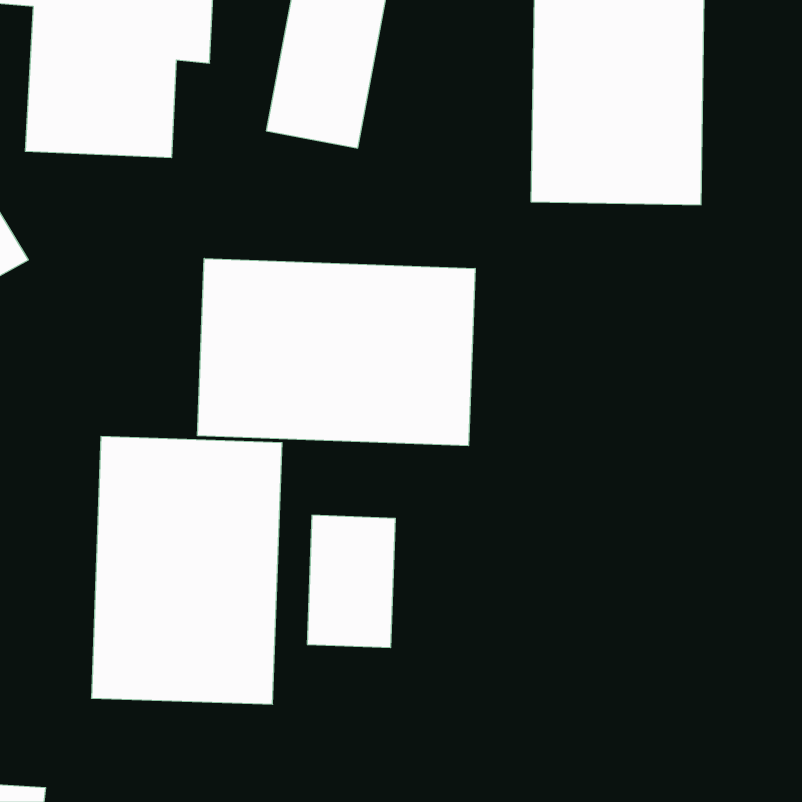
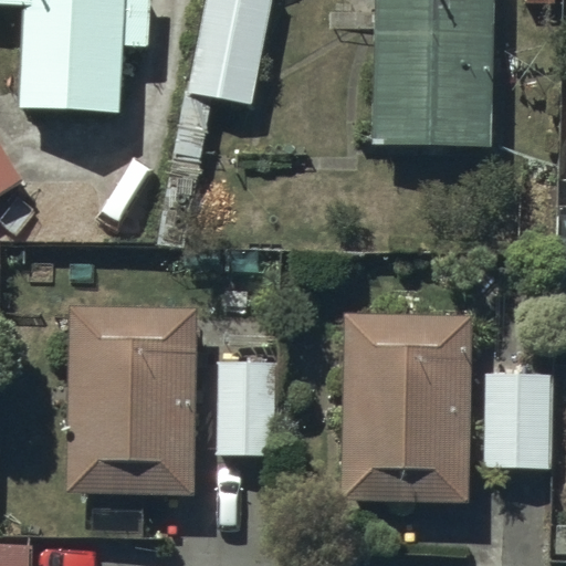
building: [198,258,475,446] -> none
building: none -> [340,311,473,503]
building: none -> [481,371,552,469]

